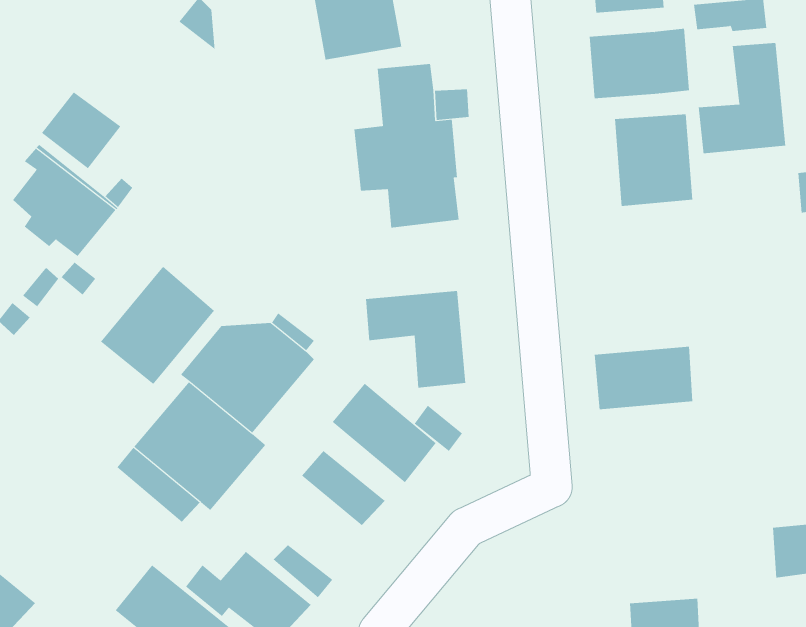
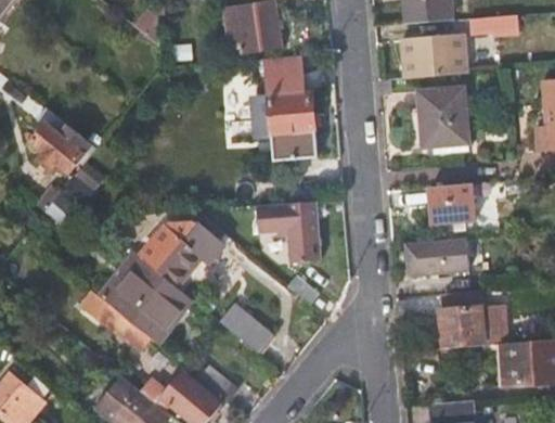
building: [698,42,786,154] -> none
building: [41,91,121,169] -> none
building: none -> [429,182,475,226]
building: [100,266,215,385] -> none
building: [332,383,436,483] -> none
building: none -> [438,303,506,348]

